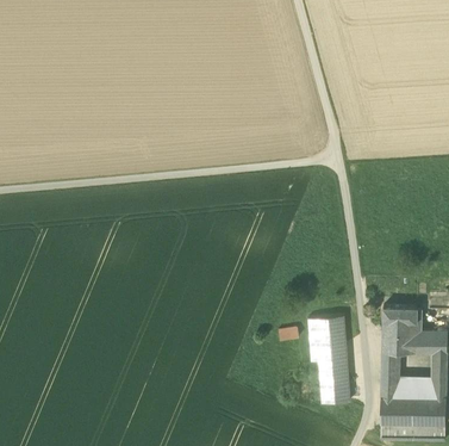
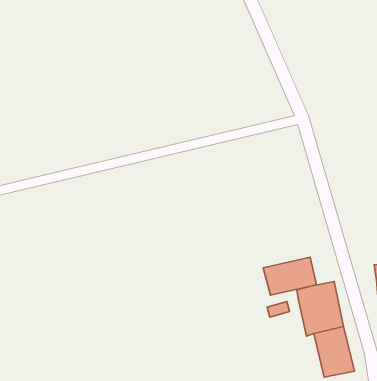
building: none -> [263,257,316,295]

